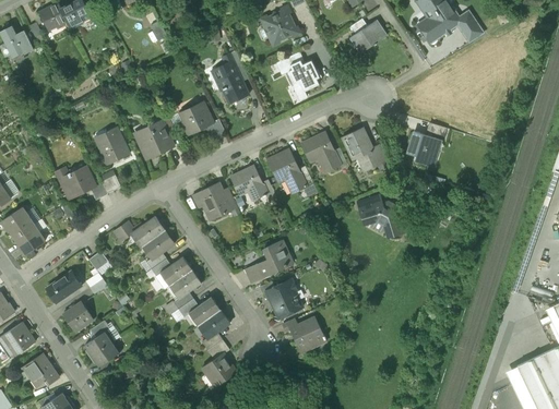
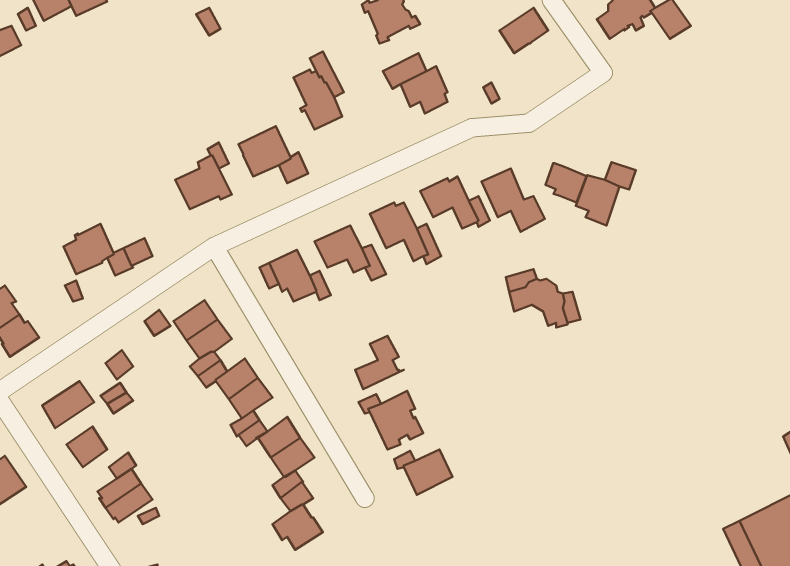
building: none -> [546,163,587,202]
building: [95,127,129,164] -> none
building: [24,352,58,385] -> none

